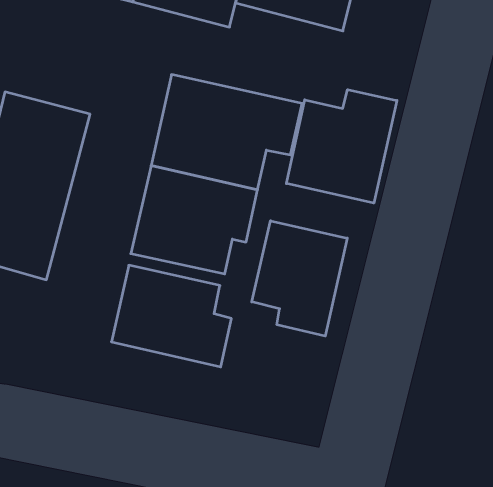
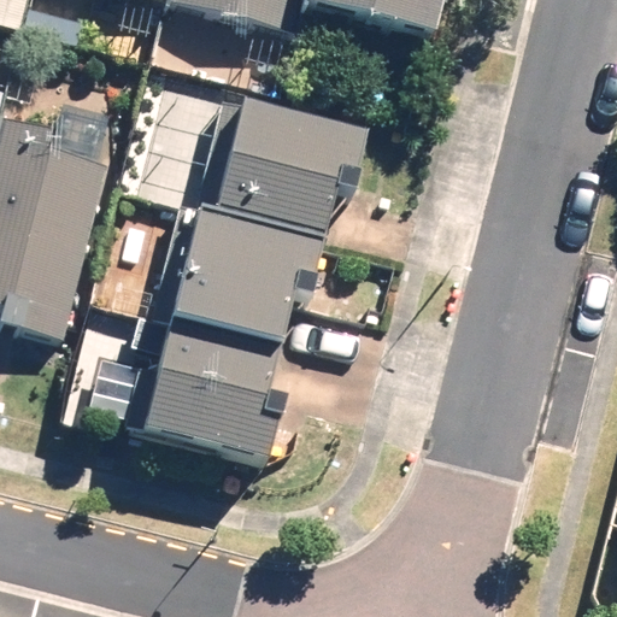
building: [286,90,397,203] -> none
building: [252,221,347,336] -> none

